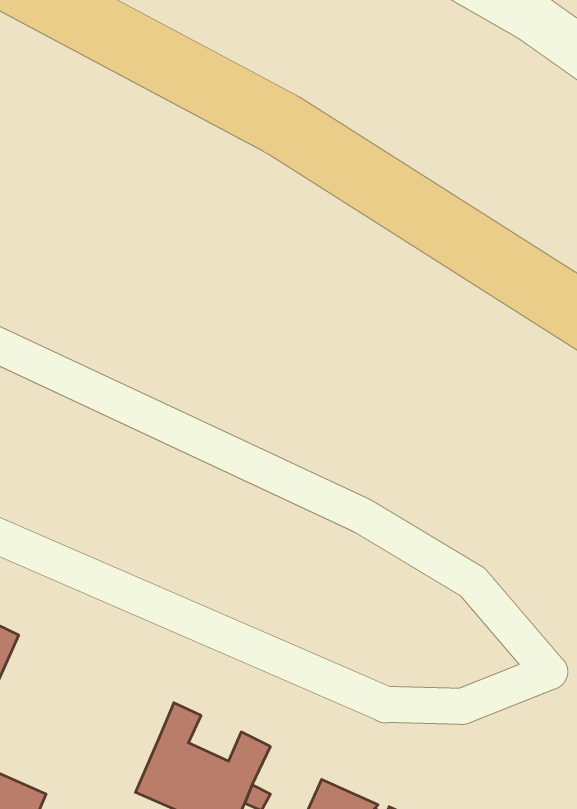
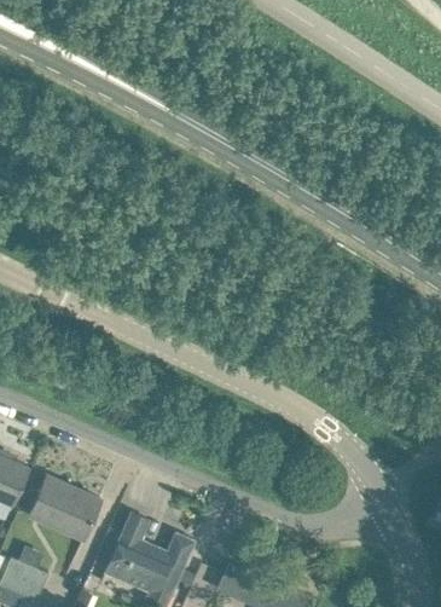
building: none -> [29,475,101,539]

